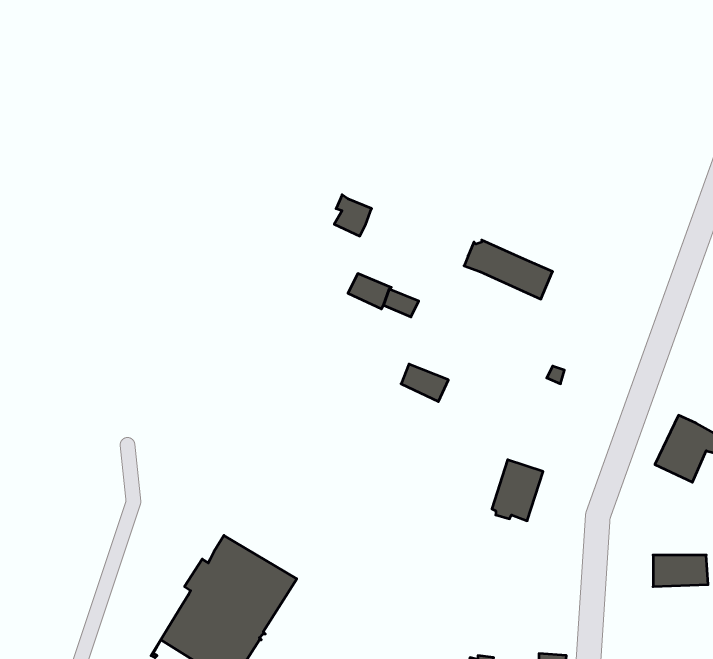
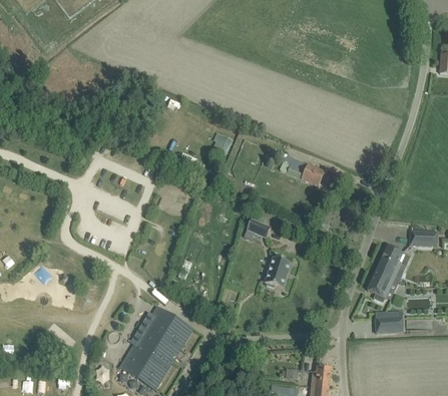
building: [492,460,543,521] -> [265,256,291,287]
building: none -> [368,269,395,301]

